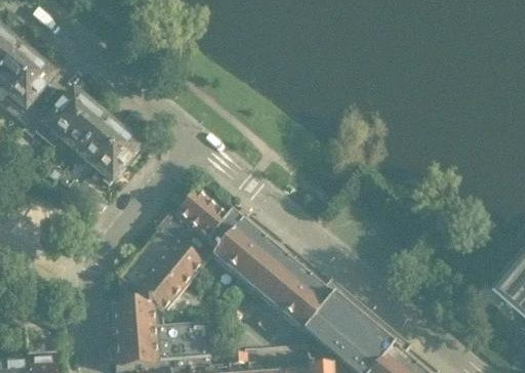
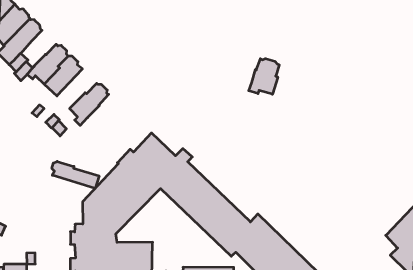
building: none -> [249,59,279,94]
building: [78,116,125,165] -> none
building: none -> [52,161,99,189]

